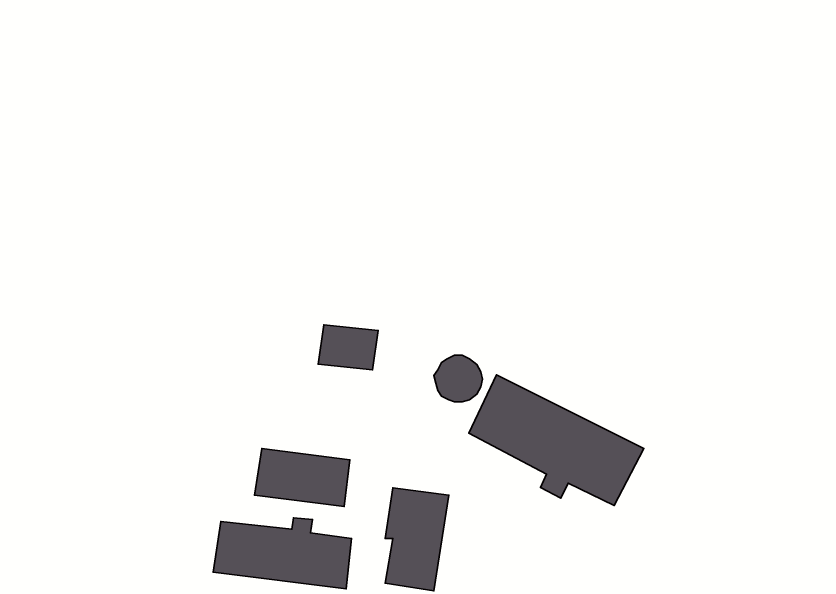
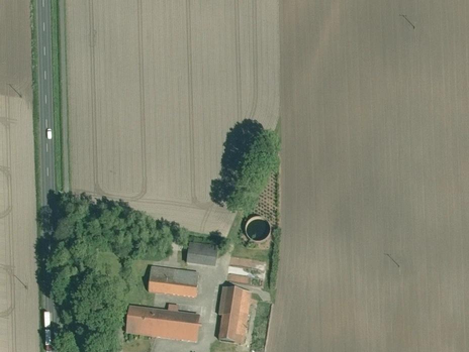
building: [318,325,378,370] -> [185,241,217,265]
building: [469,375,644,506] -> none

